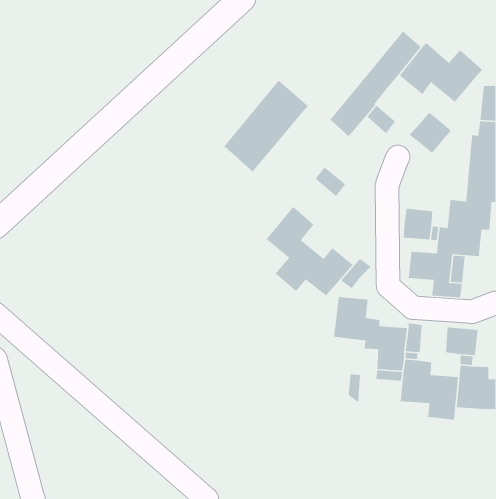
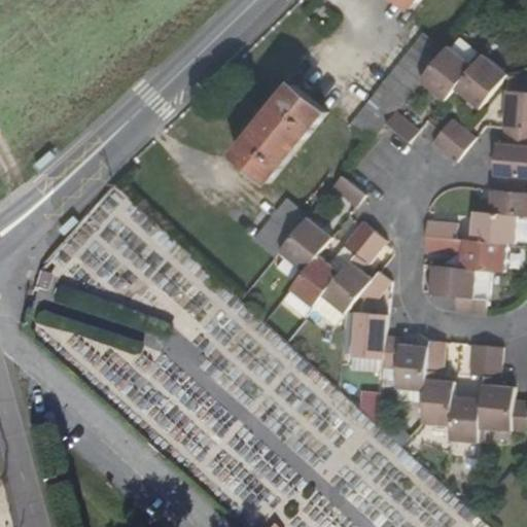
building: none -> [251,198,308,257]
building: none -> [342,220,386,264]

